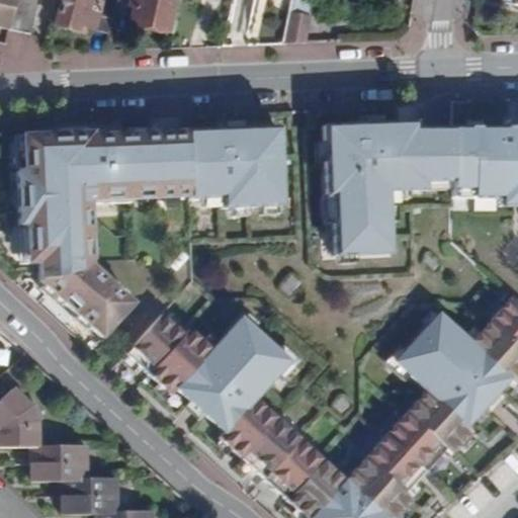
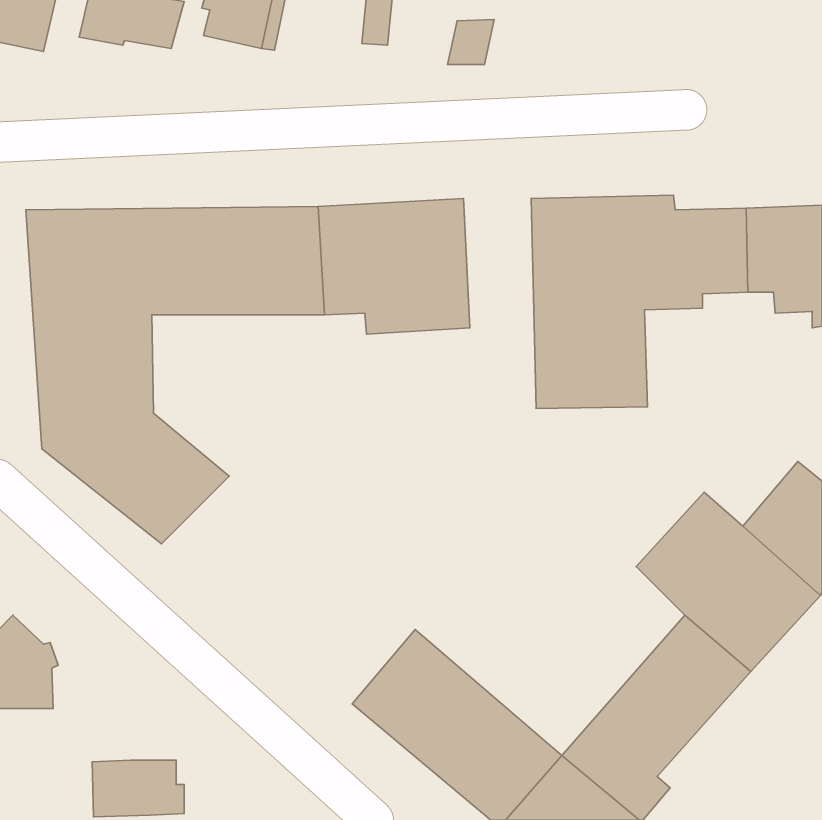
building: [122,307,294,441] -> none
building: [27,443,82,478] -> none

